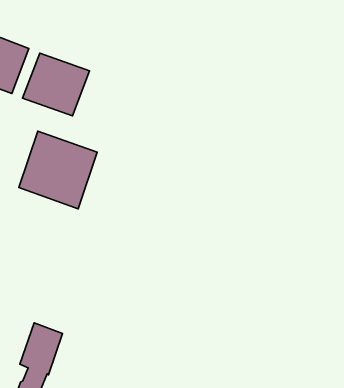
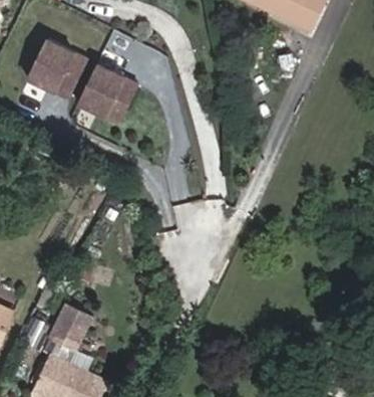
building: [19,131,97,209] -> none

